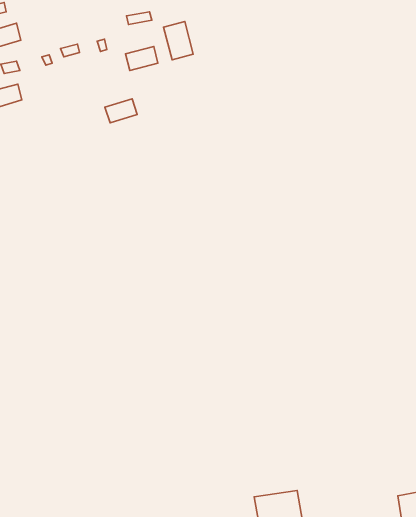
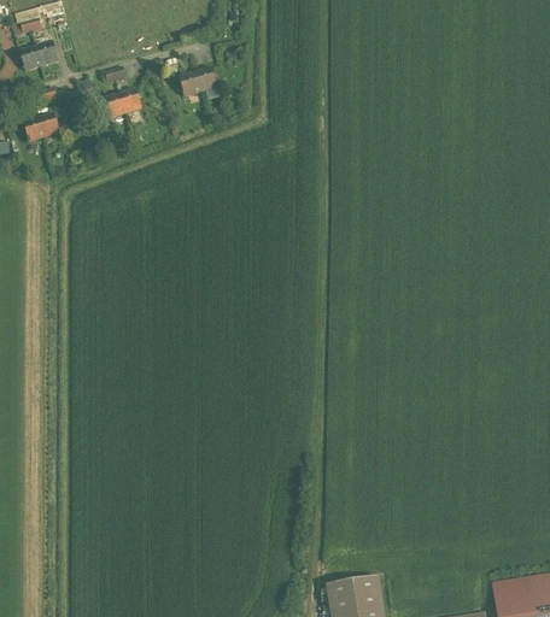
building: [164,21,193,60] -> none
building: [105,99,137,123] -> [104,89,141,117]

